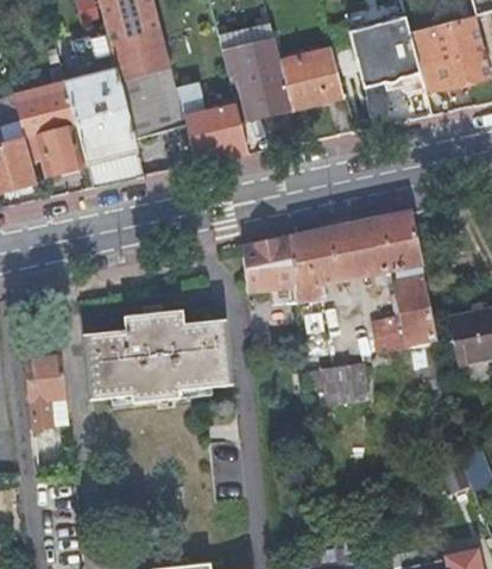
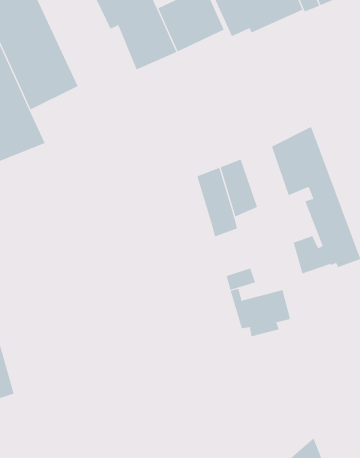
building: [179,94,248,164] -> none
building: [336,219,377,277] -> none
building: [242,236,295,289] -> none
building: [83,311,233,402] -> none

